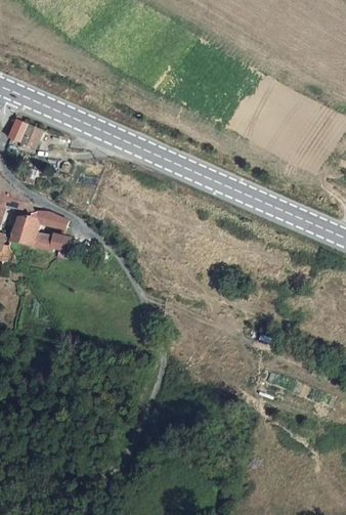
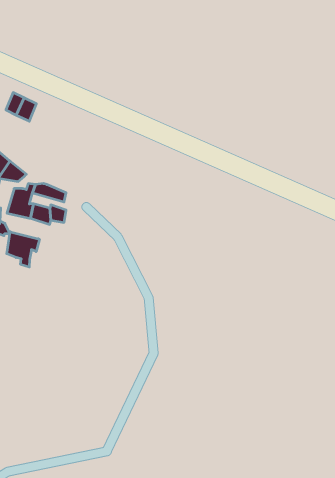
building: none -> [7,232,39,267]

